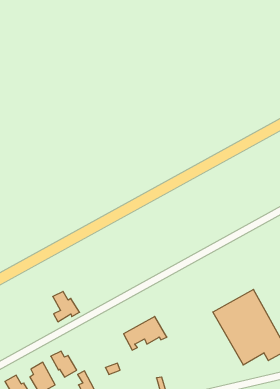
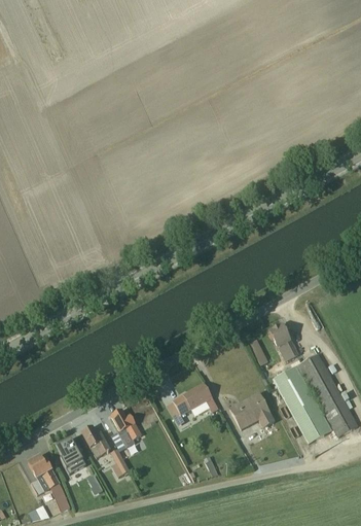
building: none -> [267,321,300,361]
building: [53,291,80,322] -> [110,409,142,445]
building: none -> [228,390,275,429]

